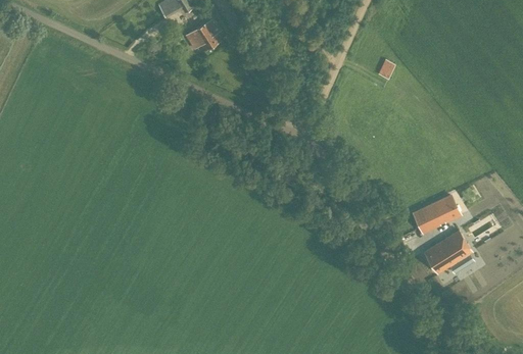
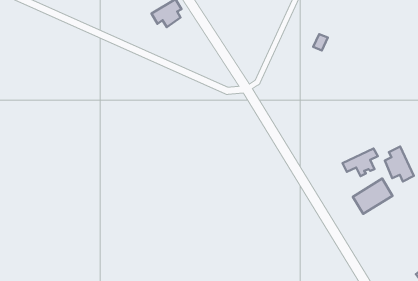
building: none -> [385,147,414,181]

